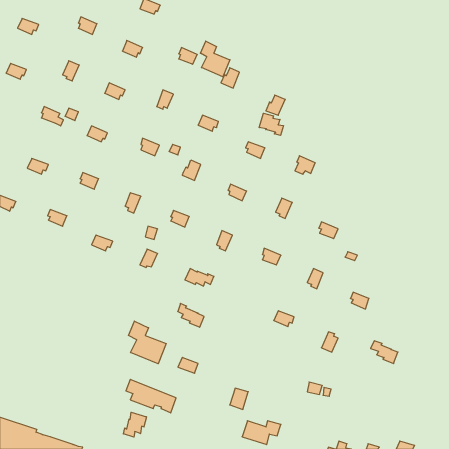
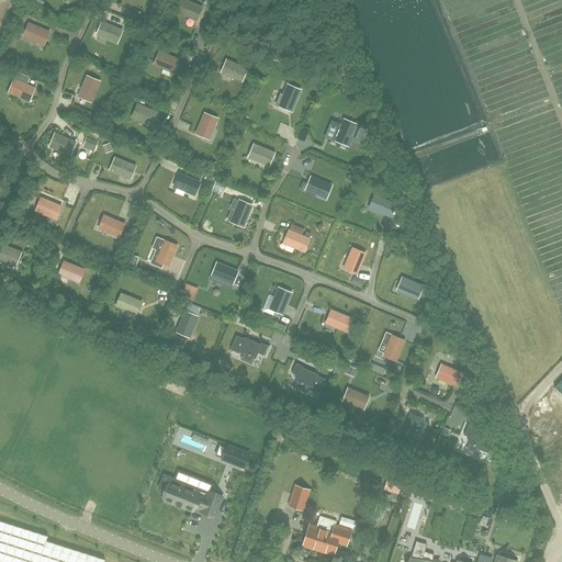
building: [200,41,230,77] -> none
building: [259,113,283,135] -> none
building: [178,303,204,327] -> [291,362,324,392]
building: [128,321,166,364] -> none
building: [123,412,146,437] -> none

